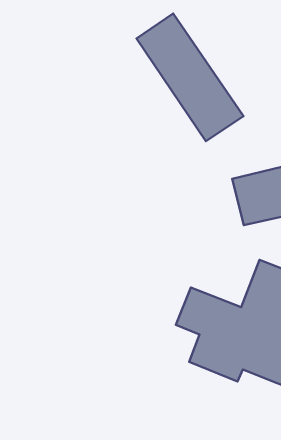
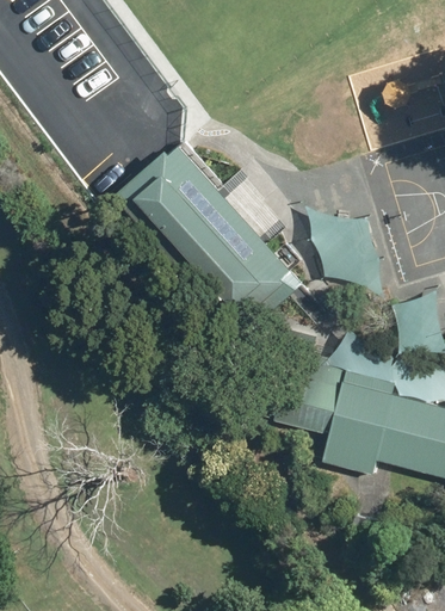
building: [136,14,244,141] -> [137,150,283,304]

